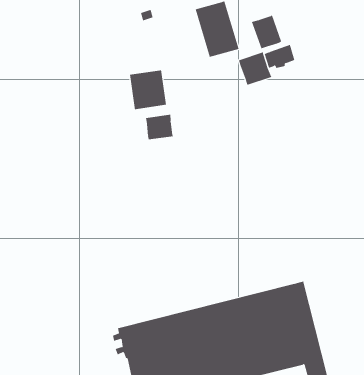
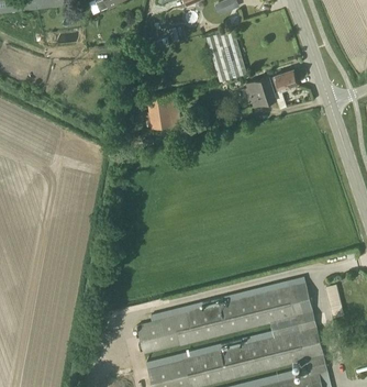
building: [251,14,282,49] -> none
building: [145,114,174,140] -> none

